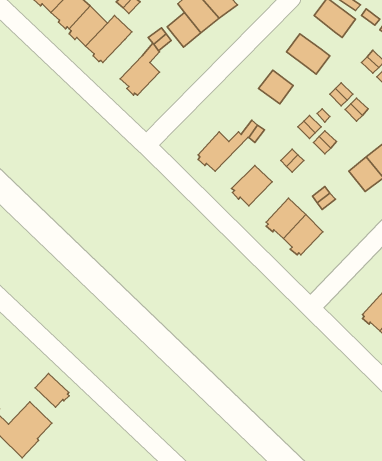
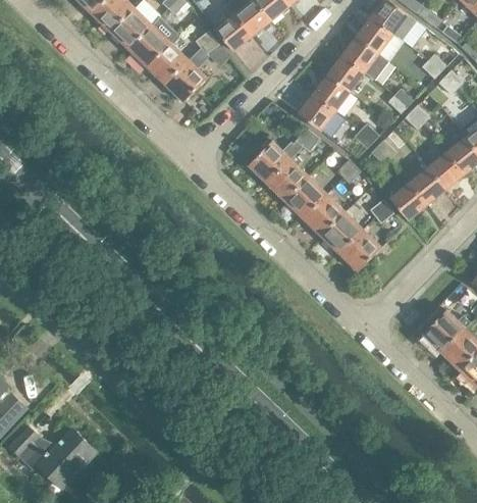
building: none -> [357,17,393,53]
building: none -> [148,43,190,85]
building: none -> [328,56,365,92]
building: none -> [299,95,335,131]
building: none -> [267,154,309,201]
building: none -> [389,183,426,219]
building: none -> [303,194,344,237]
building: [35,373,69,407] -> none

